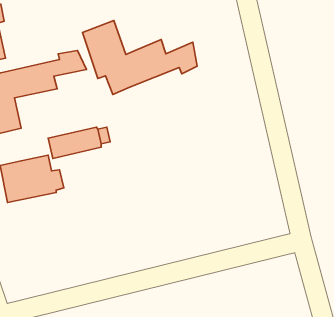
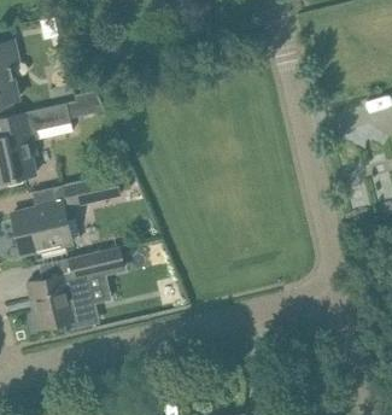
building: [82,21,197,94] -> none
building: none -> [27,247,124,331]

